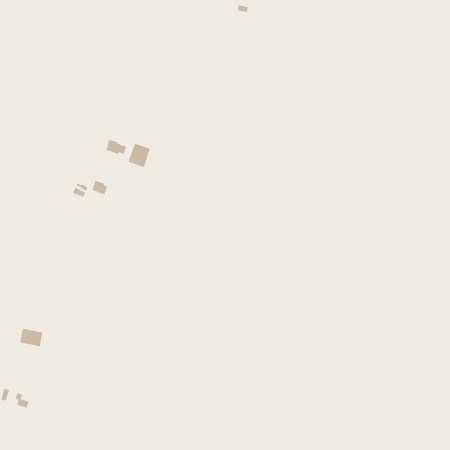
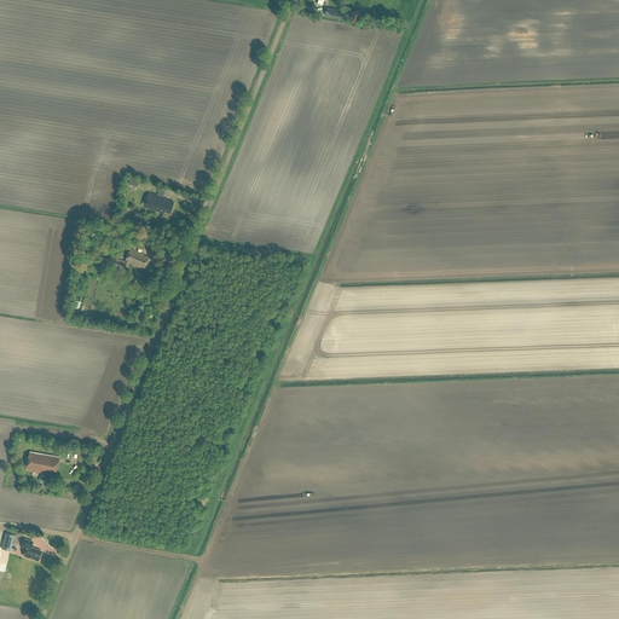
building: [128,143,151,168] -> none

